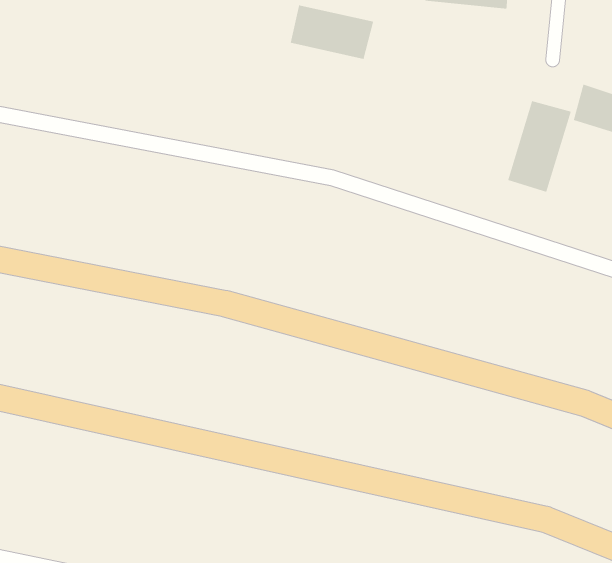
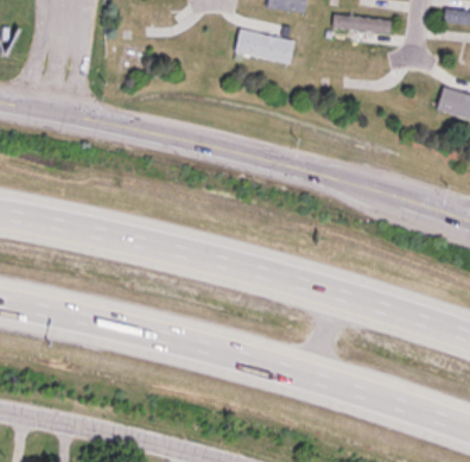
building: [507,100,572,193] -> none

